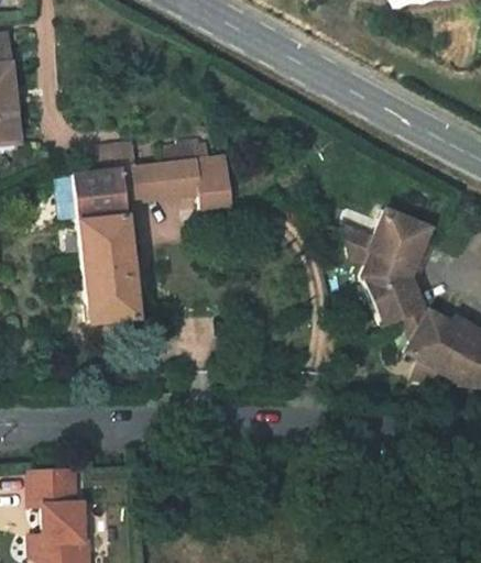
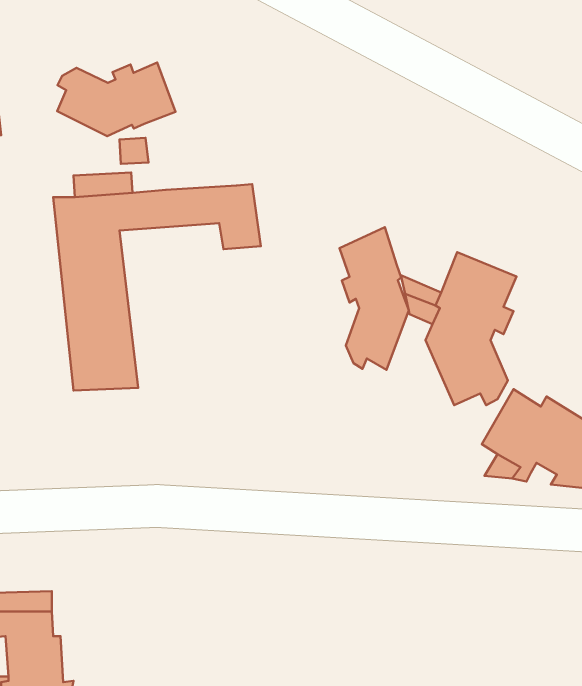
building: none -> [57,63,176,136]
building: none -> [340,227,409,370]

